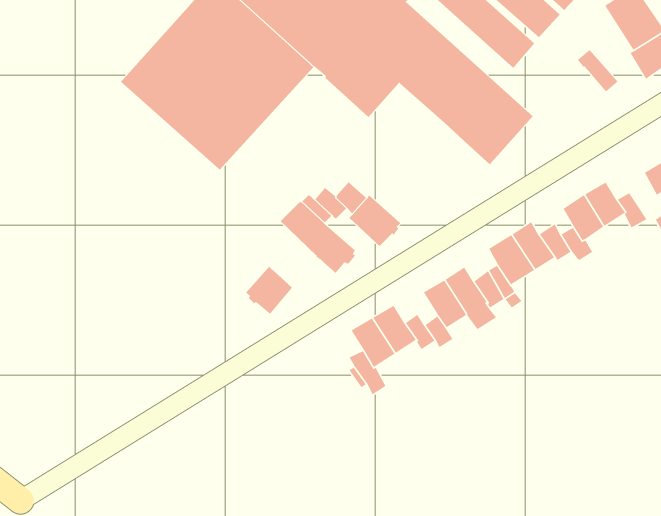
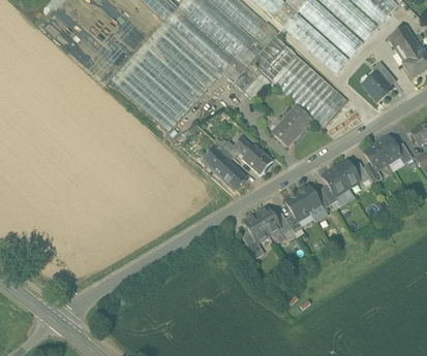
building: none -> [363,72,391,101]
building: none -> [271,104,312,147]
building: [245,265,293,315] -> none

